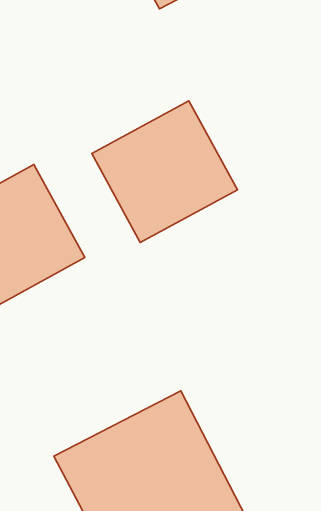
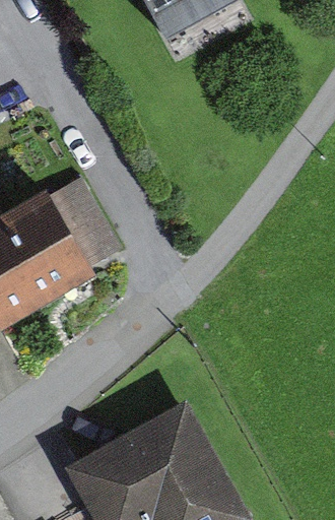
building: [92,101,237,242] -> none

